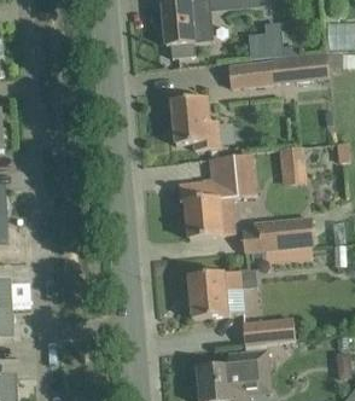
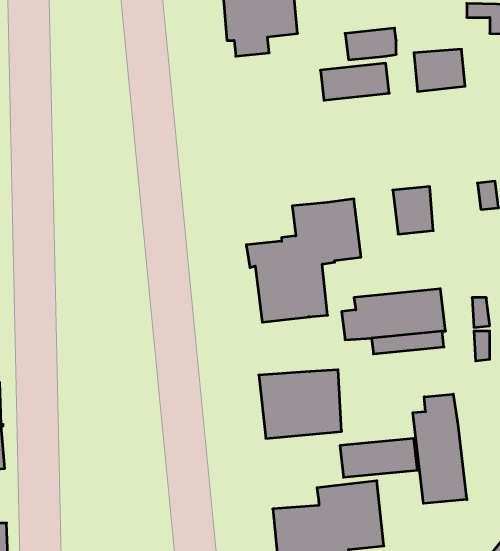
building: [169,95,221,149] -> none
building: none -> [413,394,467,503]

